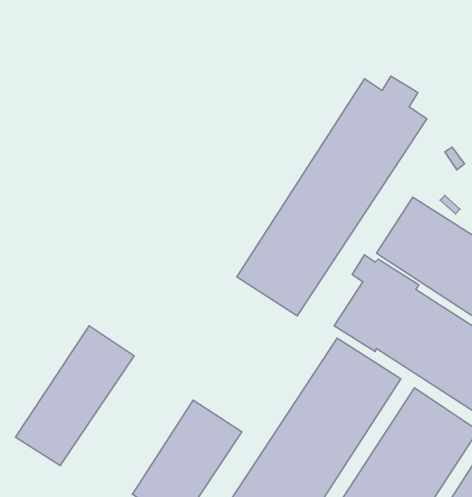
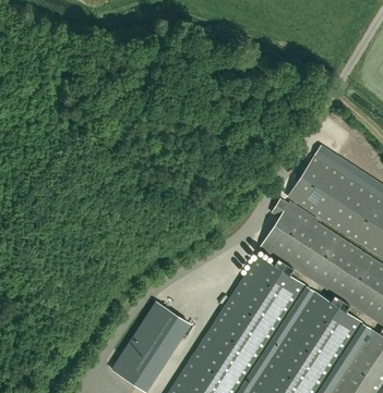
building: [237,76,427,316] -> none
building: [16,326,134,466] -> none

